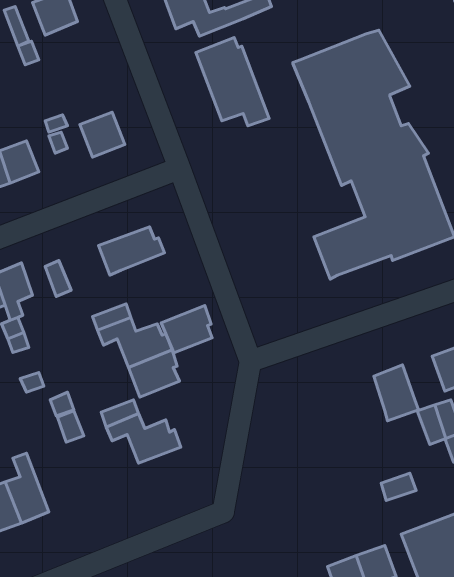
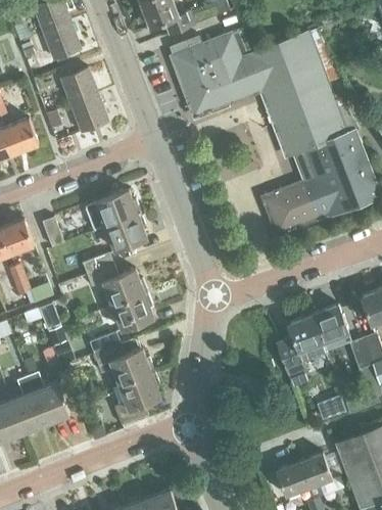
building: none -> [43,22,80,60]
building: none -> [204,34,259,102]
building: none -> [60,69,98,107]
building: [161,305,212,353] -> [105,213,147,251]
building: none -> [277,314,322,375]
building: none -> [114,372,160,425]
building: none -> [28,373,69,425]

